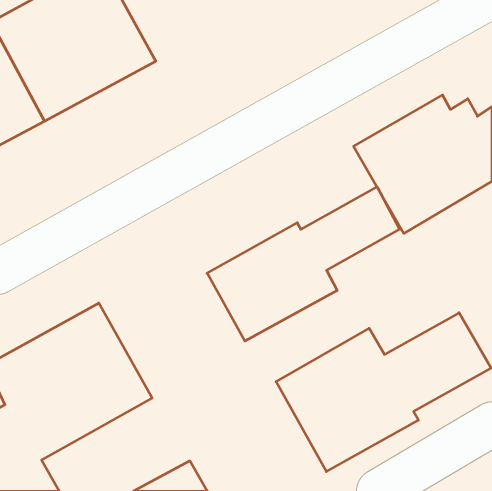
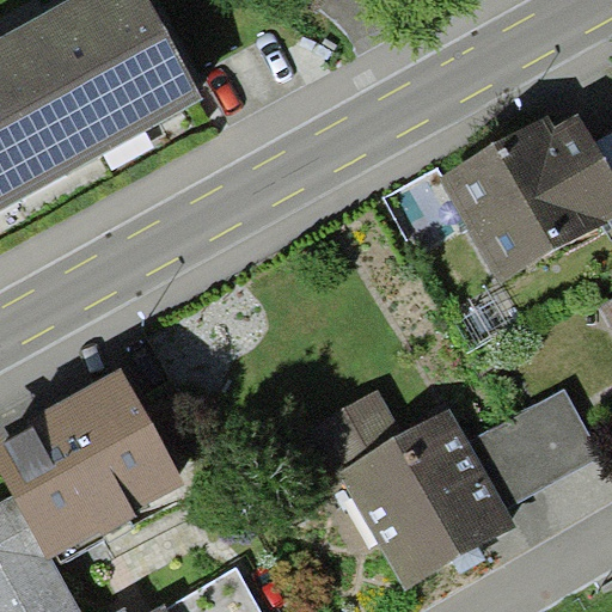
building: [207,187,400,341] -> none

